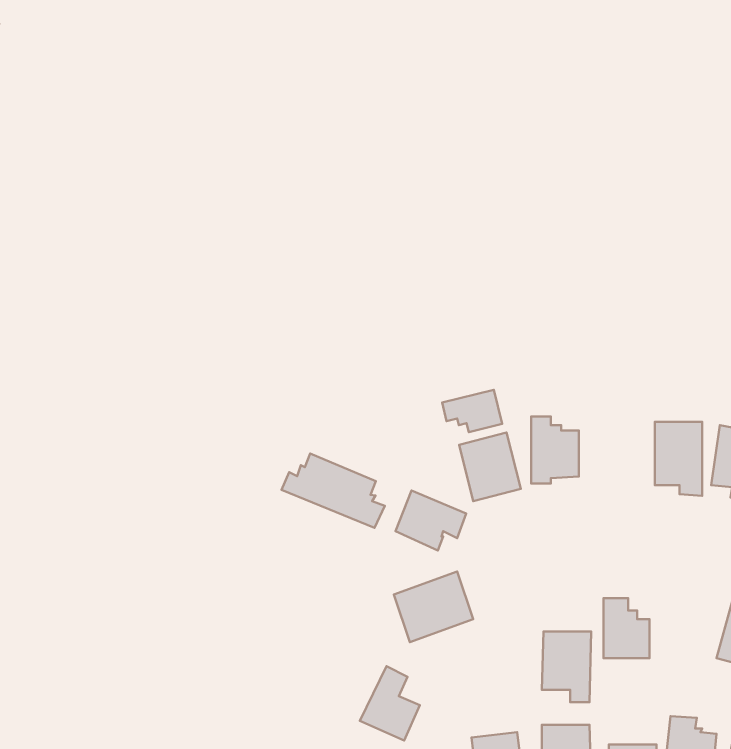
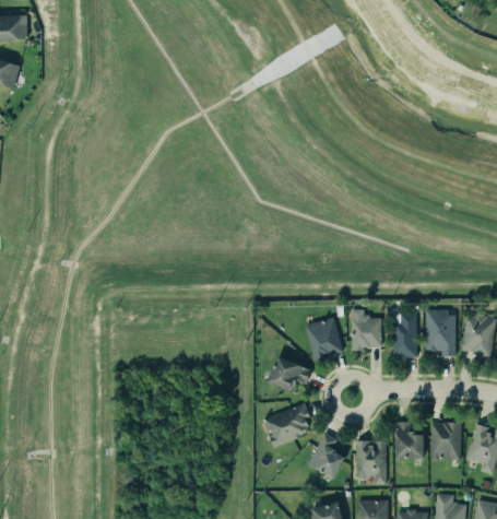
building: [442,390,502,432] -> none
building: none -> [393,314,417,358]
building: [281,454,385,528] -> none
building: none -> [428,421,460,459]
building: [360,666,420,740] -> [308,433,345,479]

